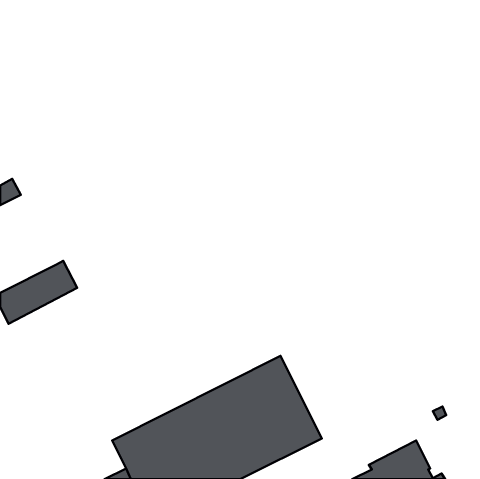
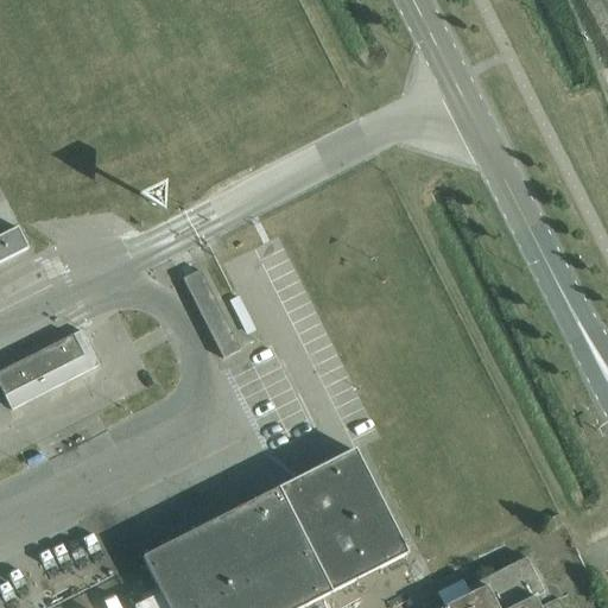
building: none -> [183,270,241,357]

